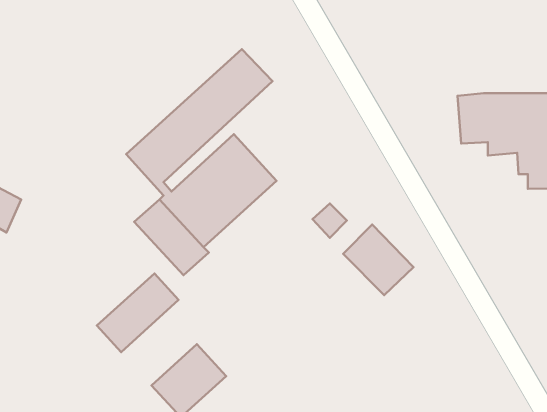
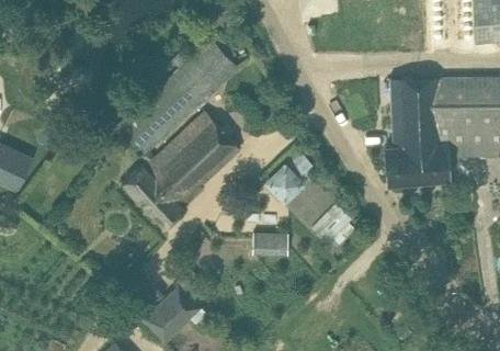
building: none -> [386,118,451,185]
building: [97,273,179,352] -> none
building: none -> [253,233,289,256]

